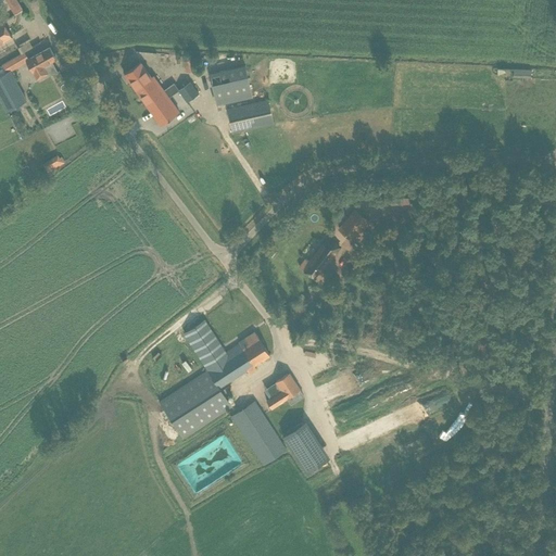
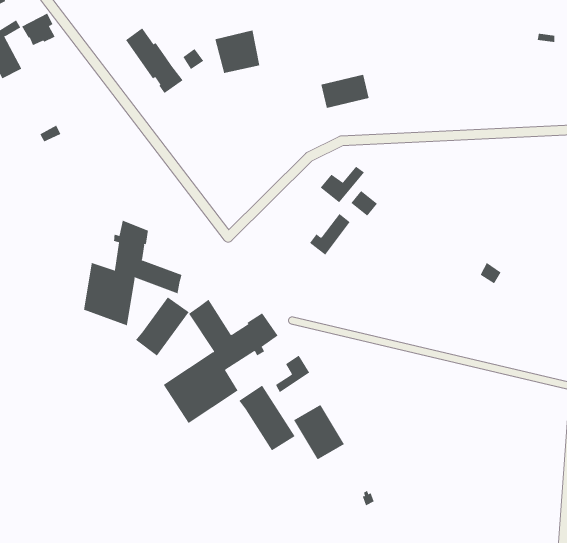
building: [227,101,274,134] -> [320,74,370,109]
building: none -> [320,166,365,204]
building: none -> [84,220,182,326]
building: none -> [135,296,190,357]

